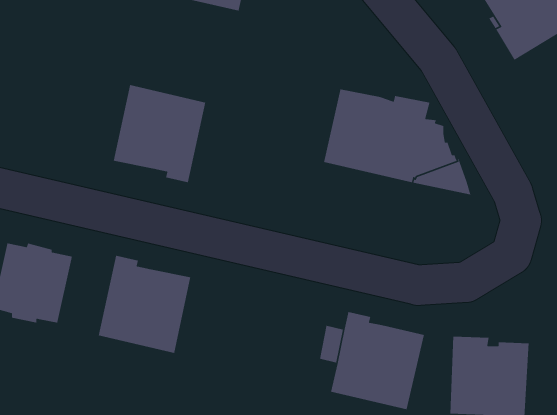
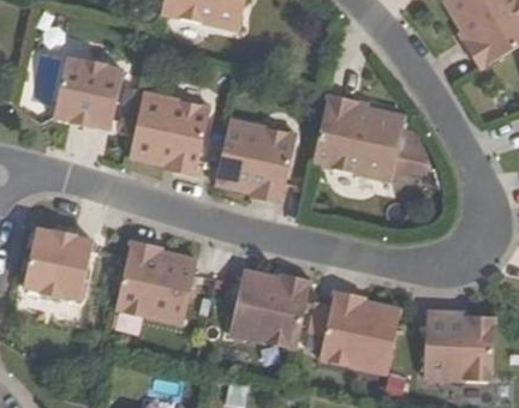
building: none -> [53,58,124,130]
building: none -> [215,119,297,205]
building: none -> [228,270,311,352]

